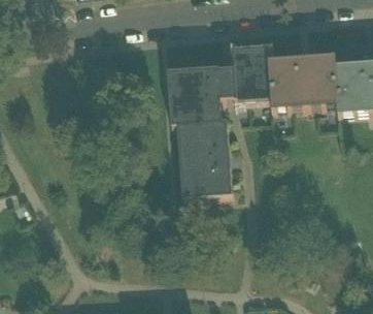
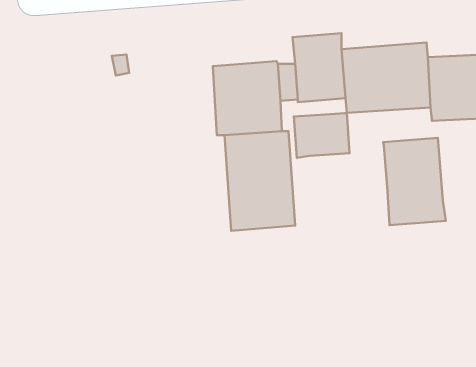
building: none -> [294,113,350,158]
building: none -> [383,138,446,225]

